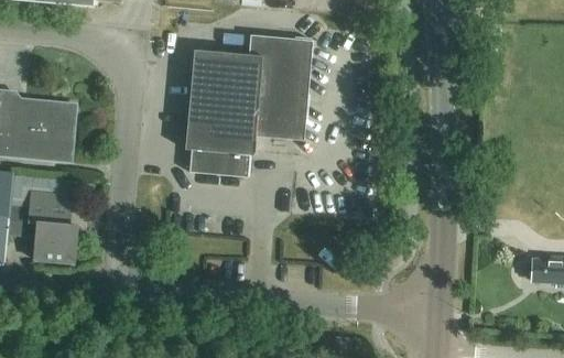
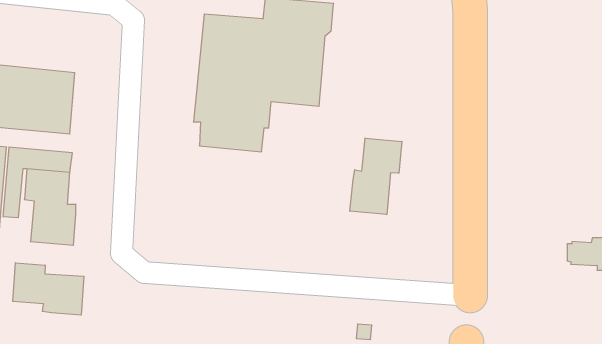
building: none -> [350,138,402,215]
building: none -> [13,263,84,315]

